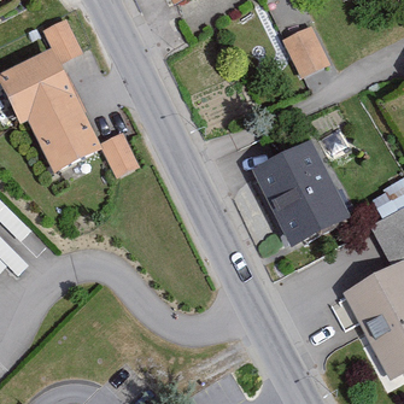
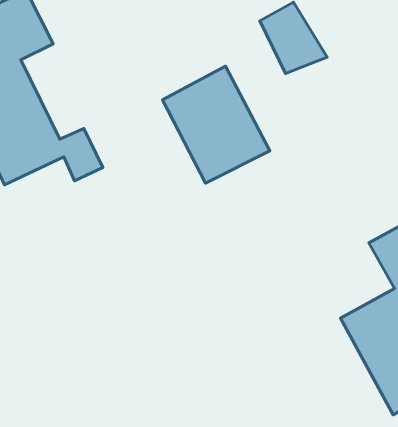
building: [254,142,351,247] -> [162,66,270,183]

